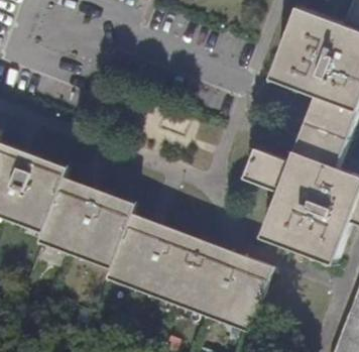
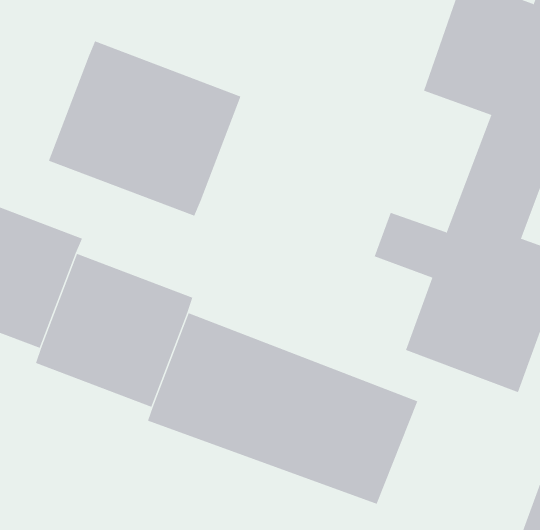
building: none -> [48,41,241,217]

